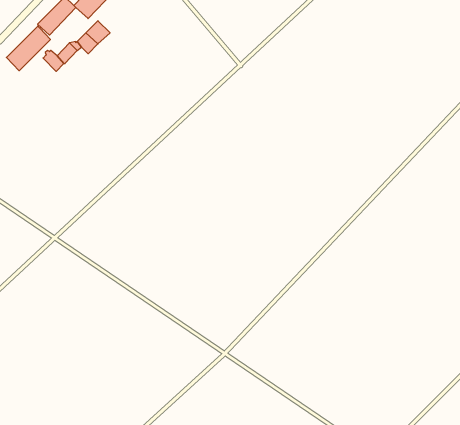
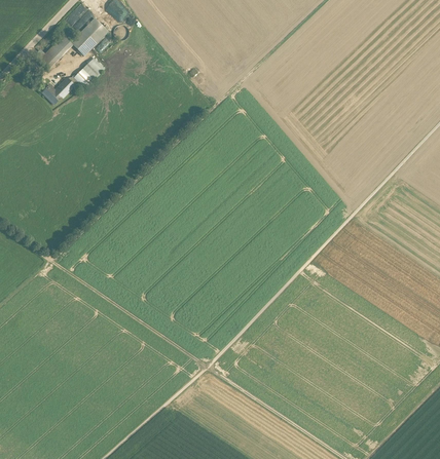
building: [6,26,50,71] -> none

